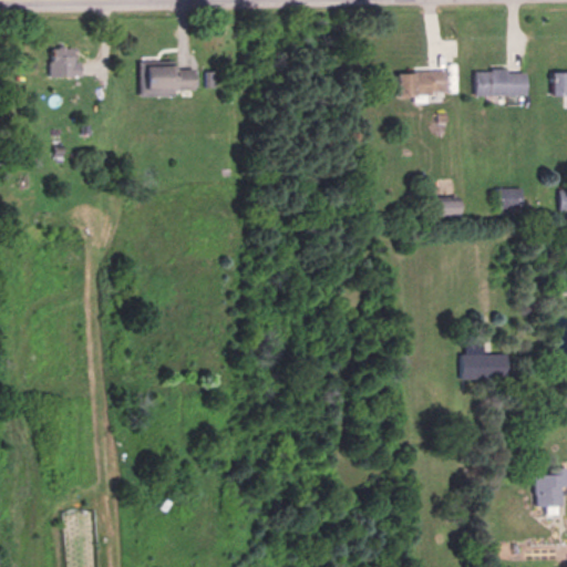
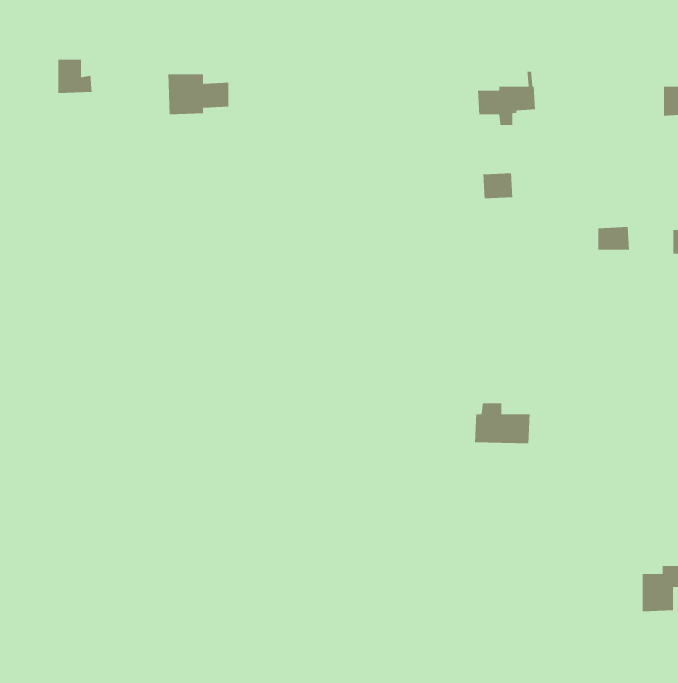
building: [476,70,527,104] -> none
building: [433,196,458,218] -> [482,172,513,199]
building: [461,346,507,380] -> [474,403,530,444]

